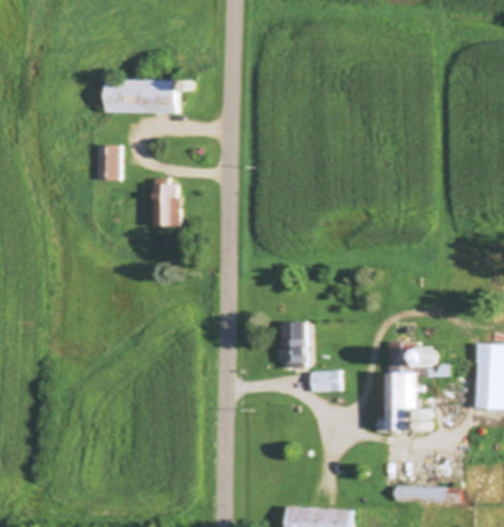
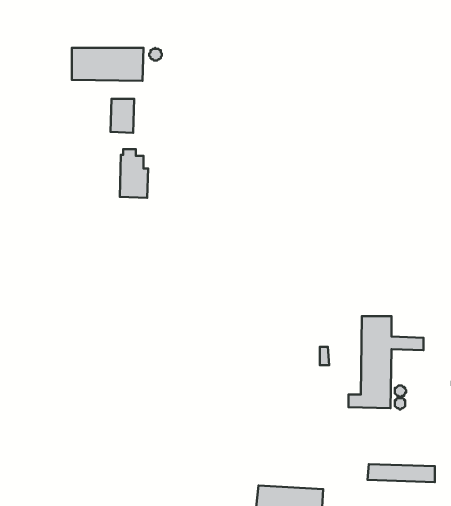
building: [96,145,120,178] -> [110,99,134,133]
building: [282,321,306,368] -> none
building: [310,370,339,391] -> none

